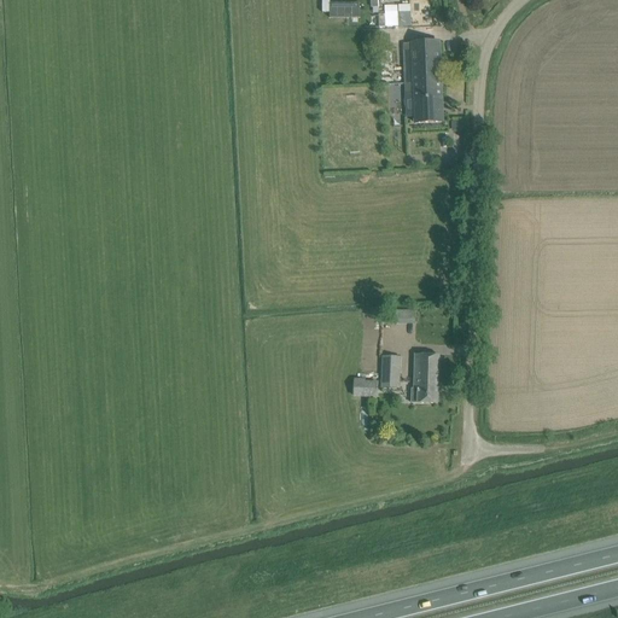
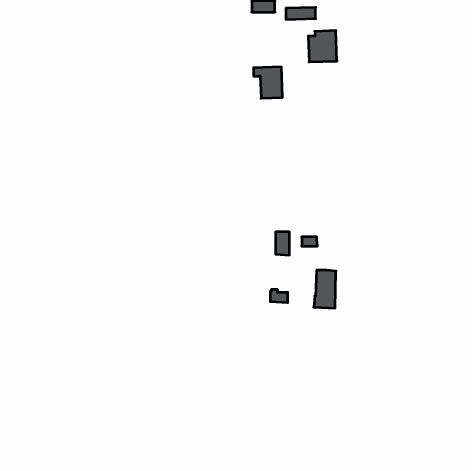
building: [403,80,441,121] -> [254,67,282,98]
building: [379,356,397,386] -> [276,232,289,255]

